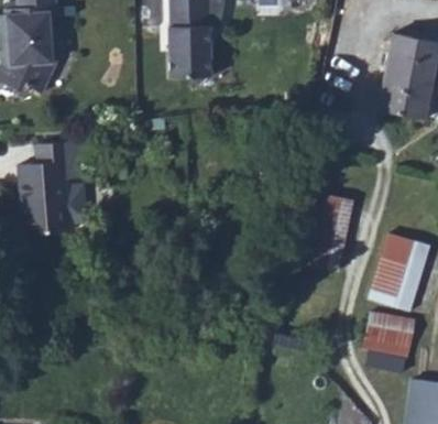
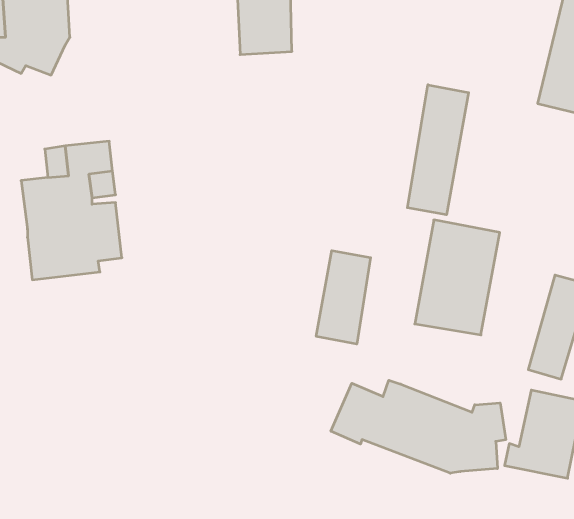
building: none -> [407,85,469,215]
building: none -> [316,251,371,344]
building: none -> [331,380,506,473]

